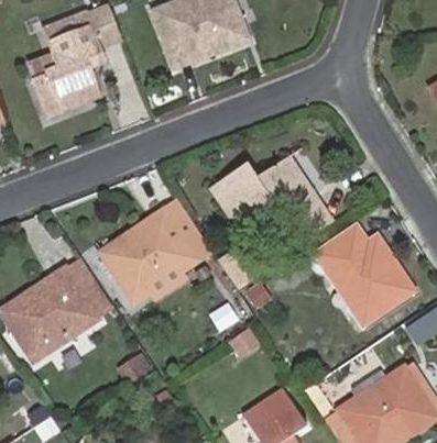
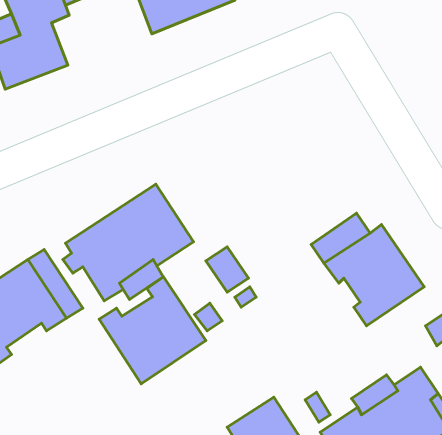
building: [210,154,332,242] -> none
building: none -> [99,277,206,384]

